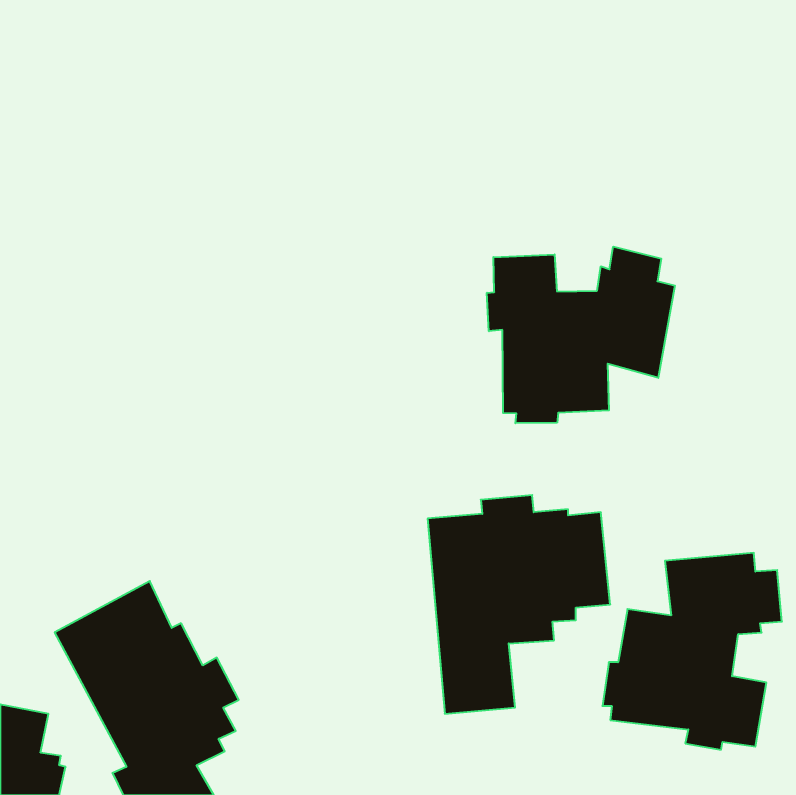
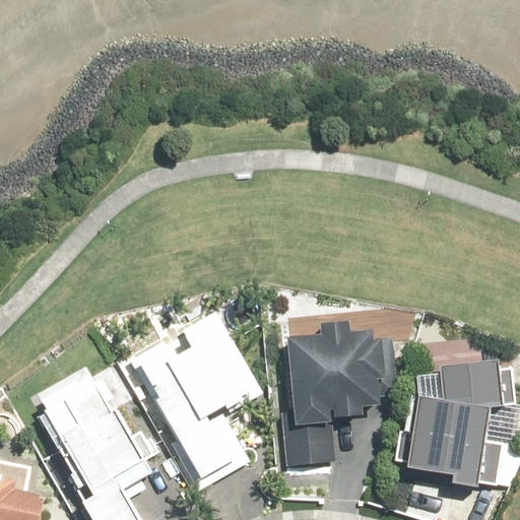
building: [487,247,675,423] -> none
building: none -> [126,306,266,492]

